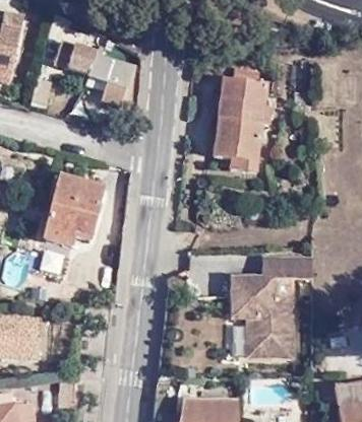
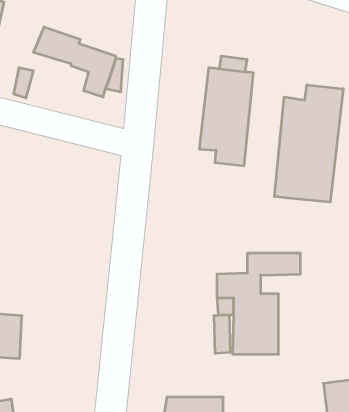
building: none -> [274,85,343,202]
building: [44,177,103,248] -> none

